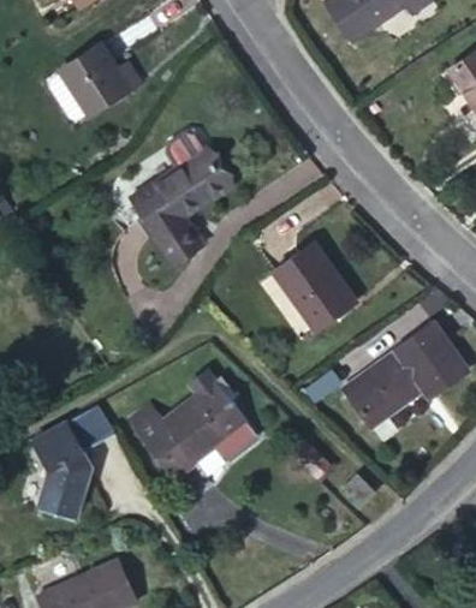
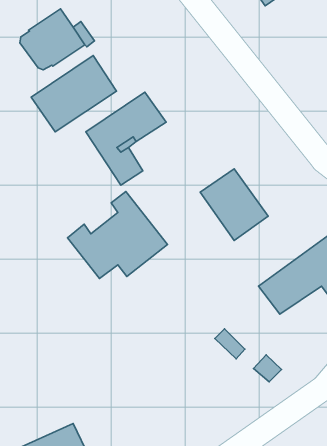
building: none -> [31,55,117,132]
building: [132,369,256,477] -> [68,191,167,279]
building: [31,404,113,520] -> none

